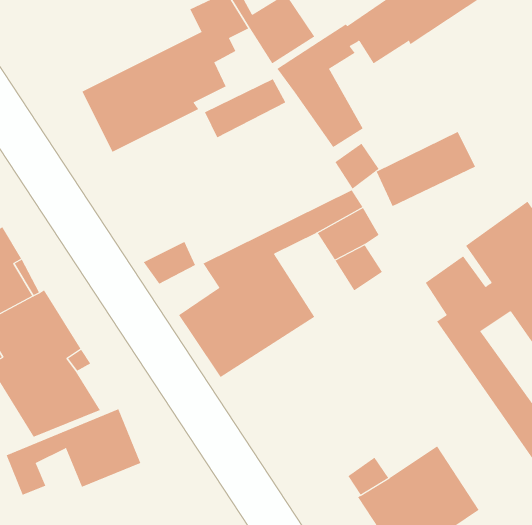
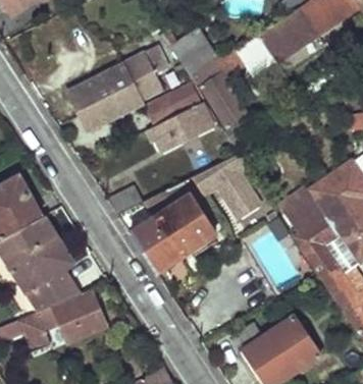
building: [376,131,476,207] -> [151,104,214,152]

